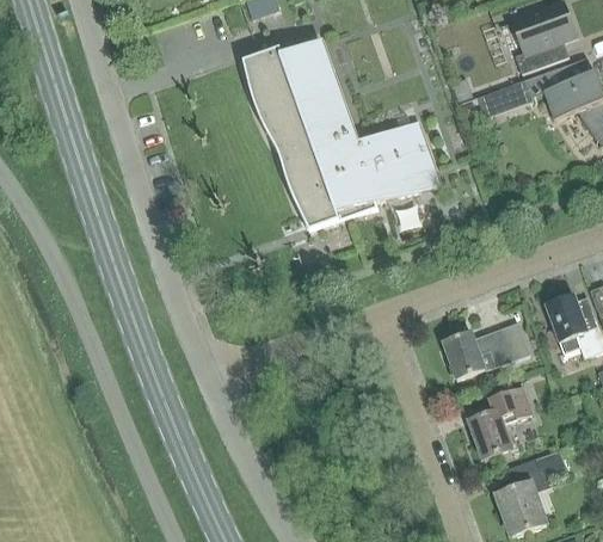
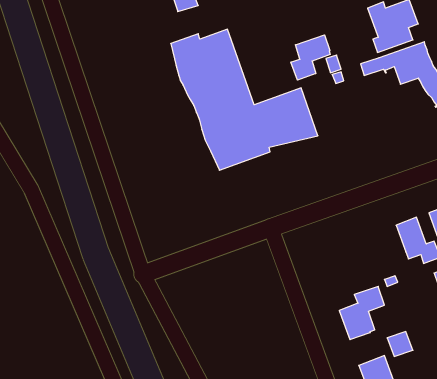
building: none -> [291,35,330,80]
building: [444,322,530,378] -> none

